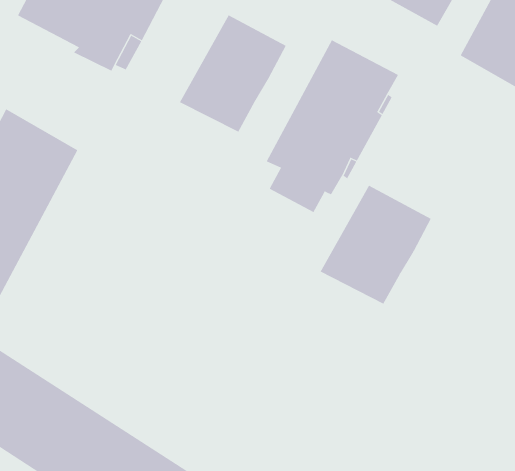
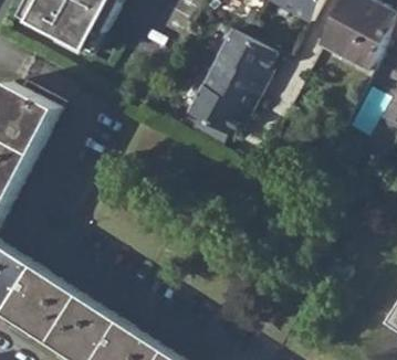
building: [179,14,287,133] -> none
building: [320,185,431,305] -> none

